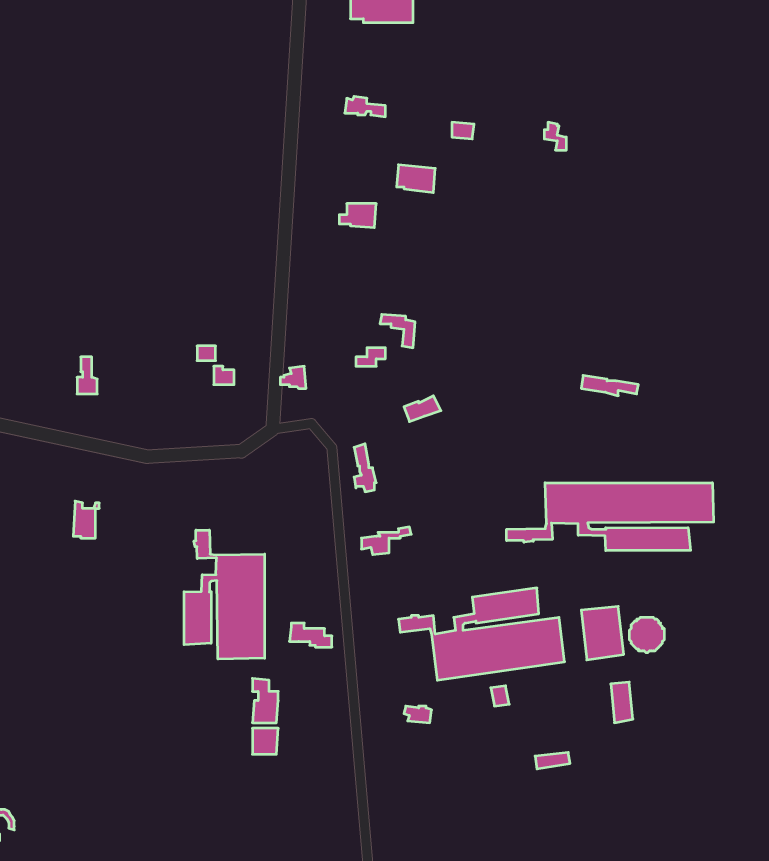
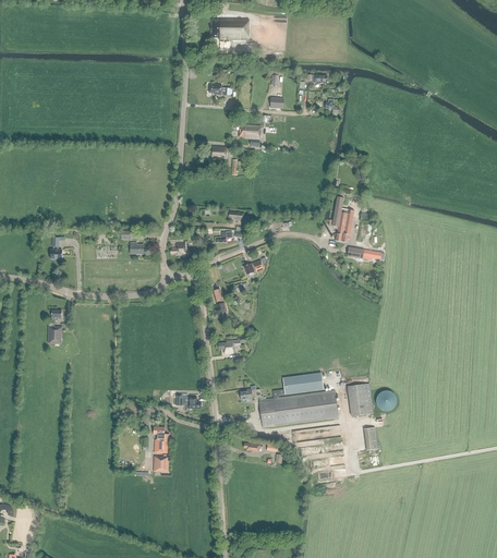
building: none -> [331,197,353,242]
building: [507,483,714,551] -> none
building: [184,530,265,659] -> none

